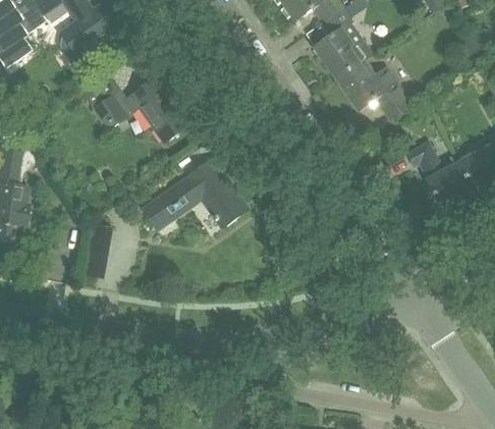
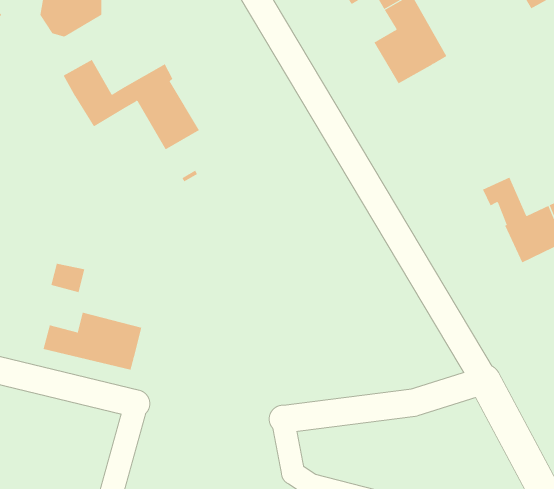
building: [337,61,409,118] -> none
building: [143,158,248,229] -> none
building: none -> [43,312,142,371]

